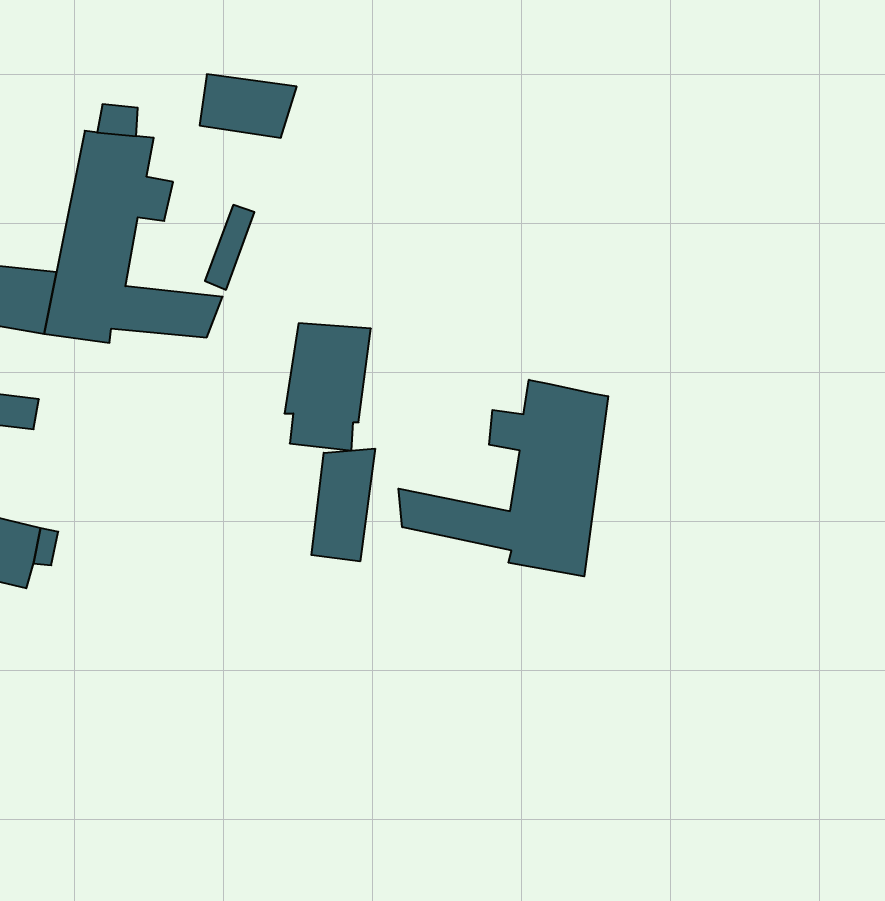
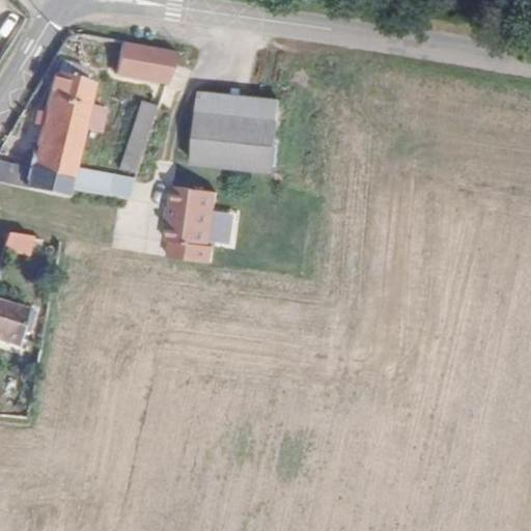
building: none -> [192,90,281,171]
building: [398,380,608,576] -> none
building: [311,449,375,561] -> none

